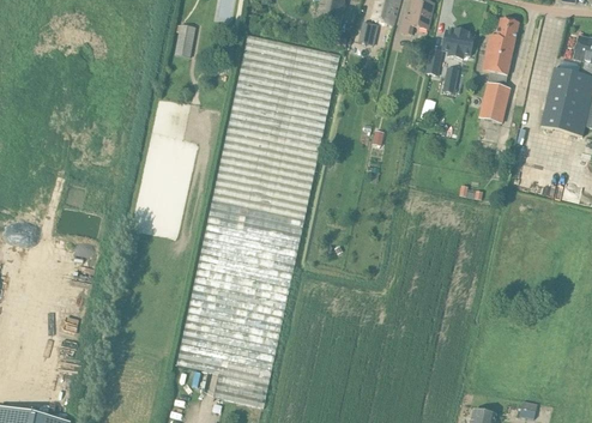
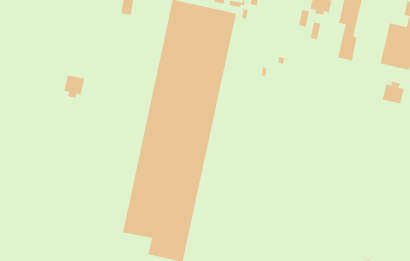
building: none -> [64,75,85,99]
building: none -> [382,80,404,104]

